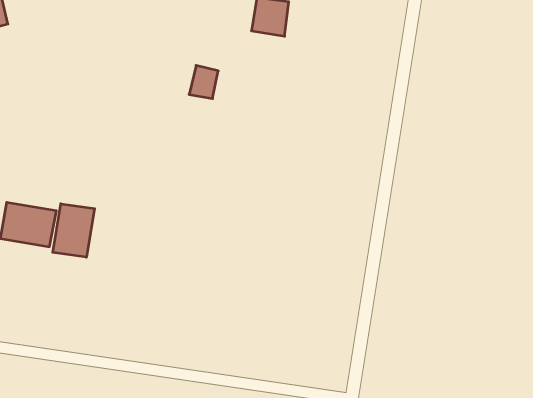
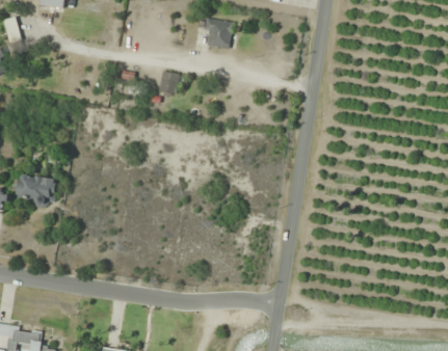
building: [53,204,95,257] -> none

